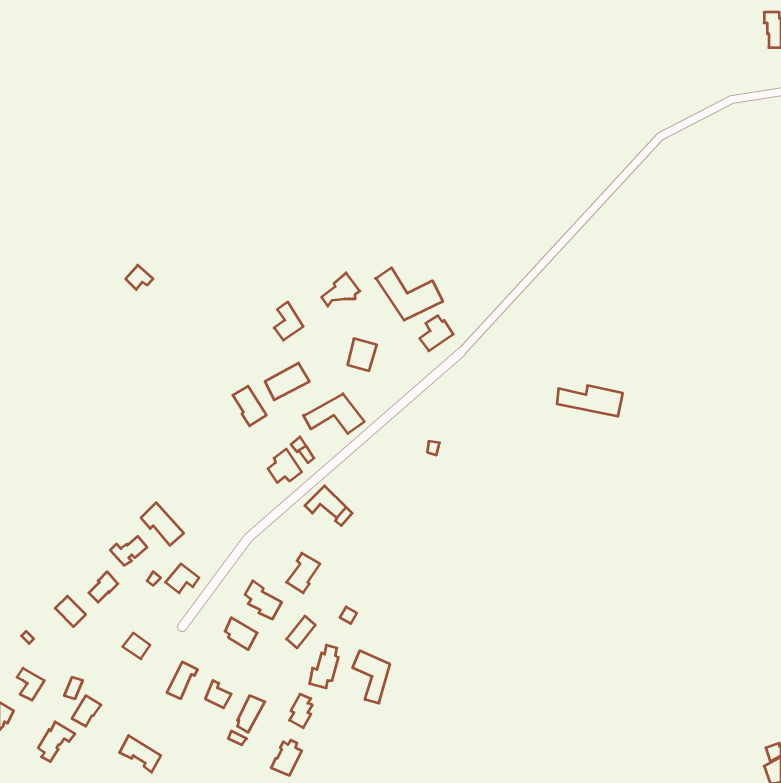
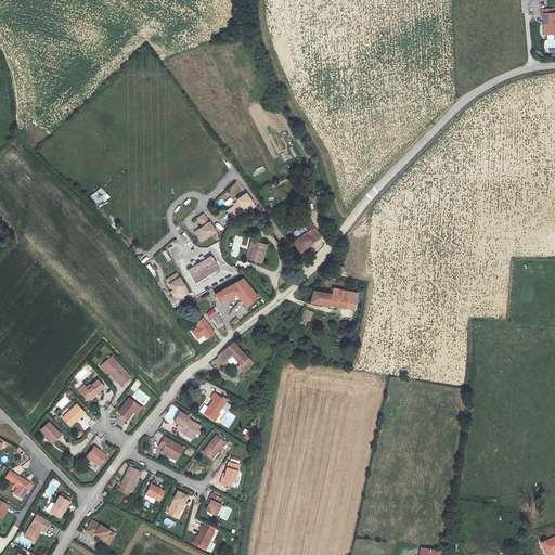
building: [375,268,443,320] -> none
building: [557,386,623,416] -> [311,288,358,310]
building: [353,651,390,703] -> none

